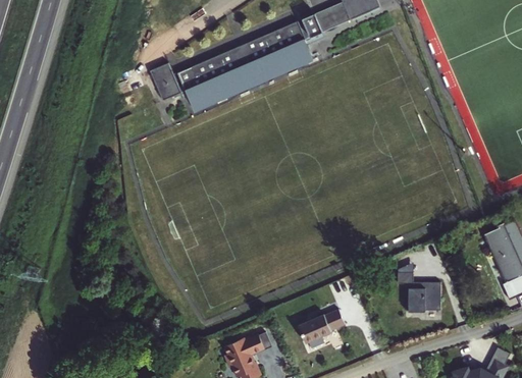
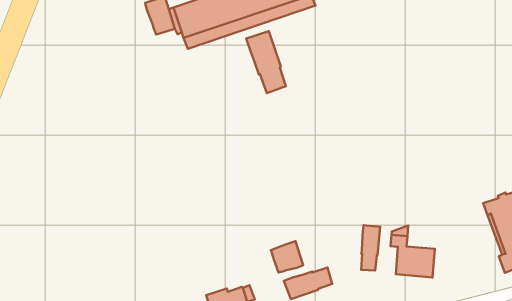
building: none -> [246,31,286,93]
building: none -> [361,225,380,270]
building: none -> [271,241,303,272]

